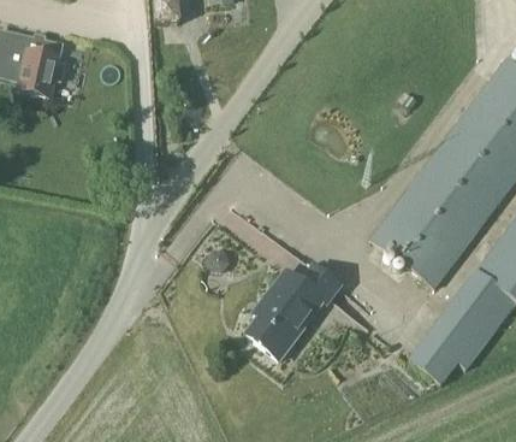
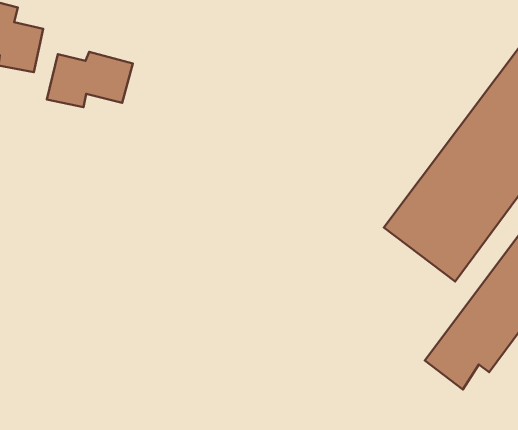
building: none -> [47,52,133,107]
building: [248,266,342,358] -> none

